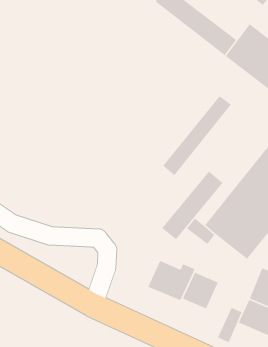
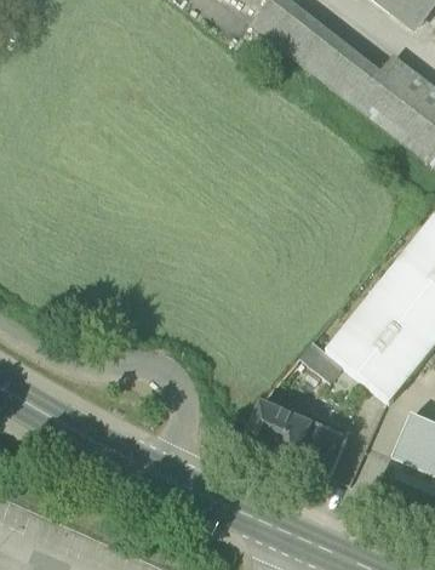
building: [162,95,232,176] -> none
building: [161,170,224,240] -> none
building: [217,307,243,343] -> none

